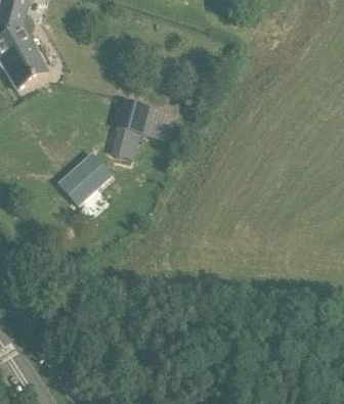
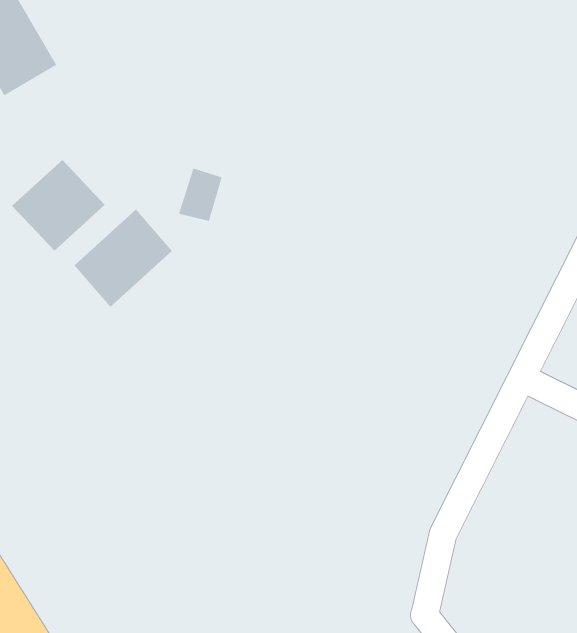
building: [119,101,154,134] -> none
building: none -> [11,159,106,252]

